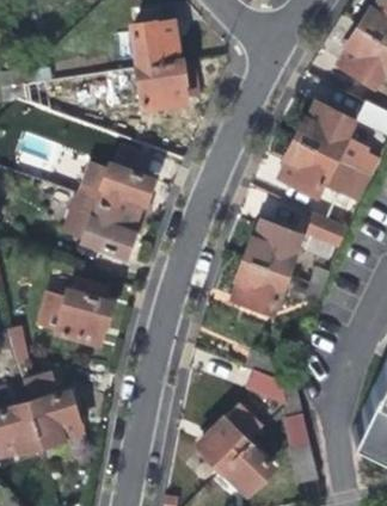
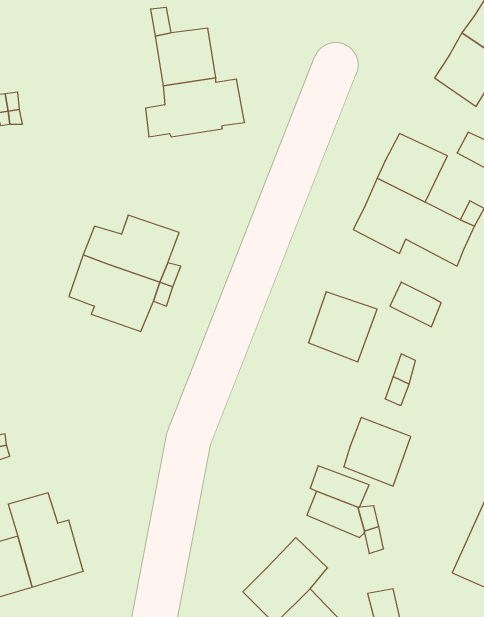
building: [234,260,284,311] -> [344,417,411,486]
building: [38,278,109,341] -> none

